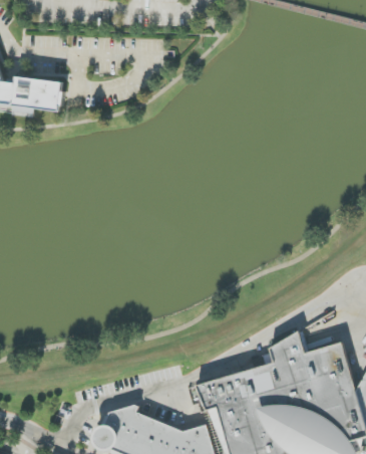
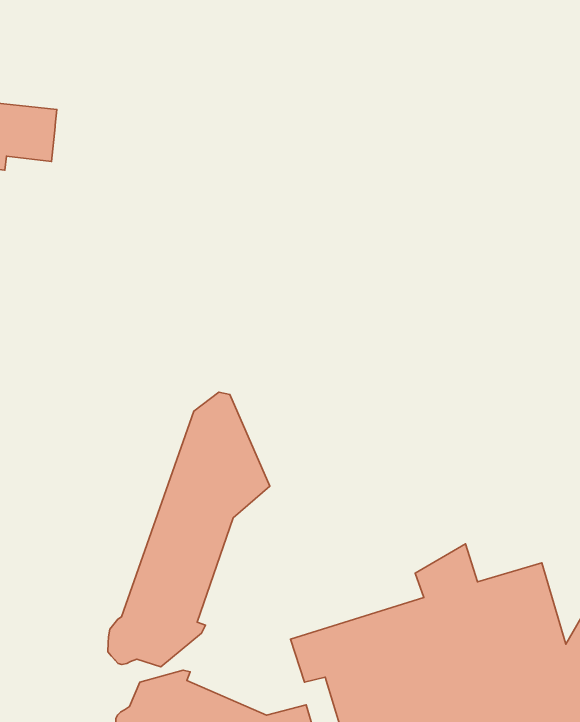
building: none -> [108,392,270,667]

